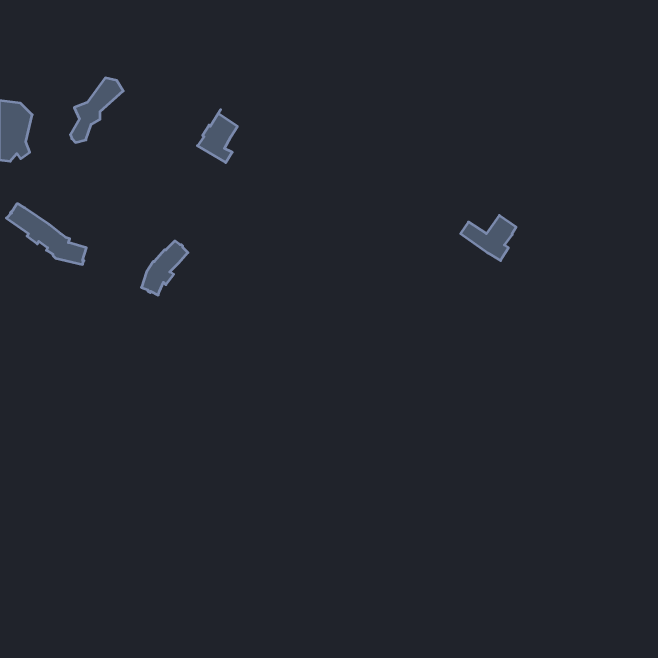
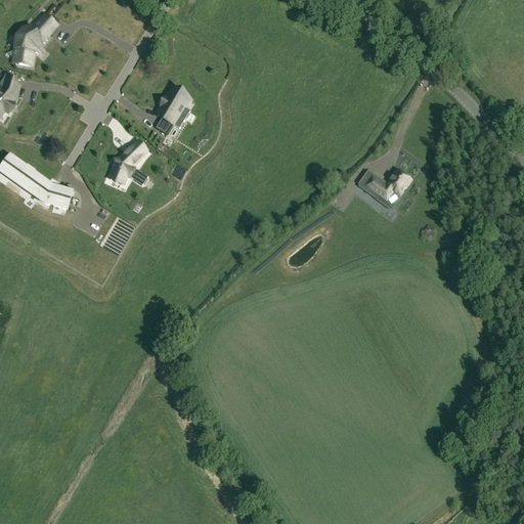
building: [70,78,123,142] -> [9,12,51,63]
building: [141,241,188,295] -> [110,143,146,186]

